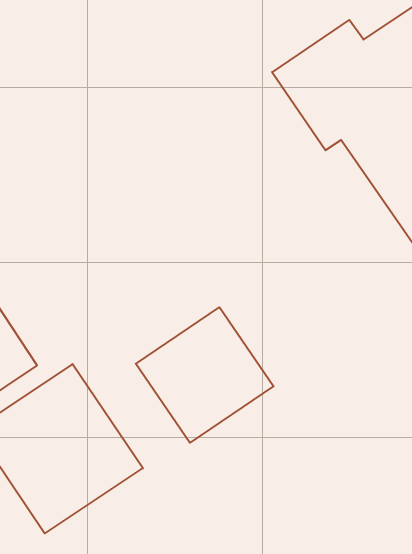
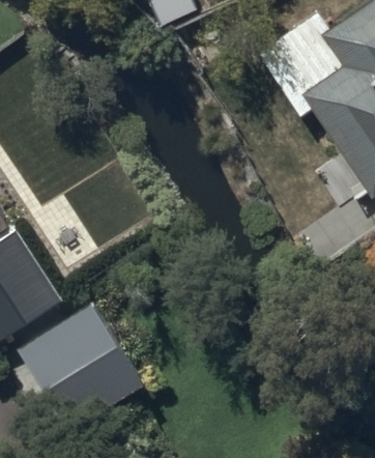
building: [136,307,274,443] -> none

